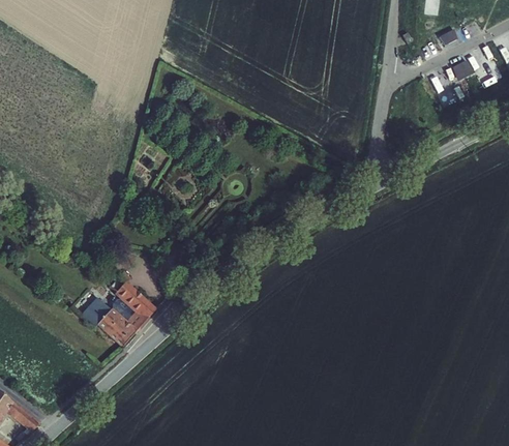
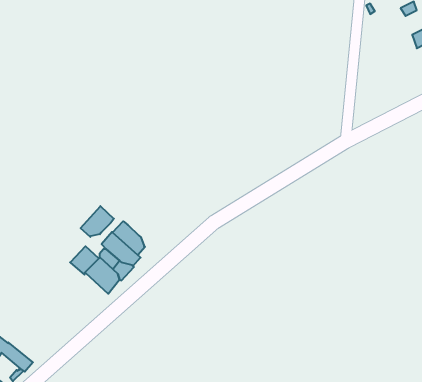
building: none -> [81,206,114,237]
building: none -> [112,221,145,255]

